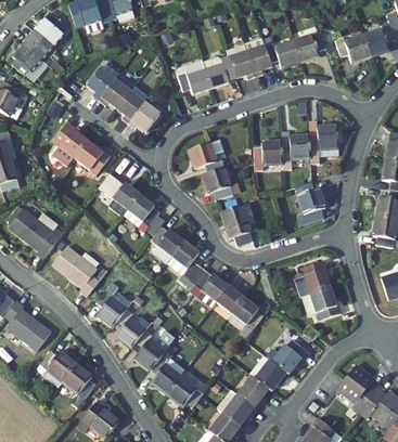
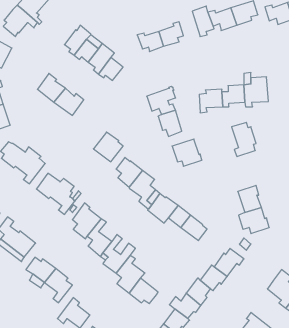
building: [227,43,255,79] -> none
building: [99,173,139,214] -> none

